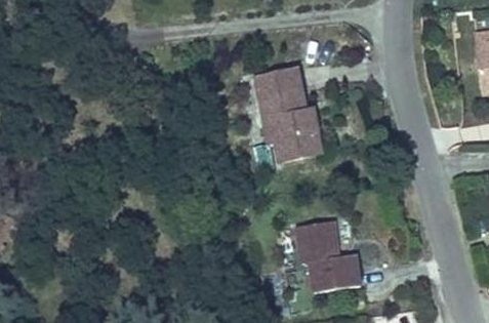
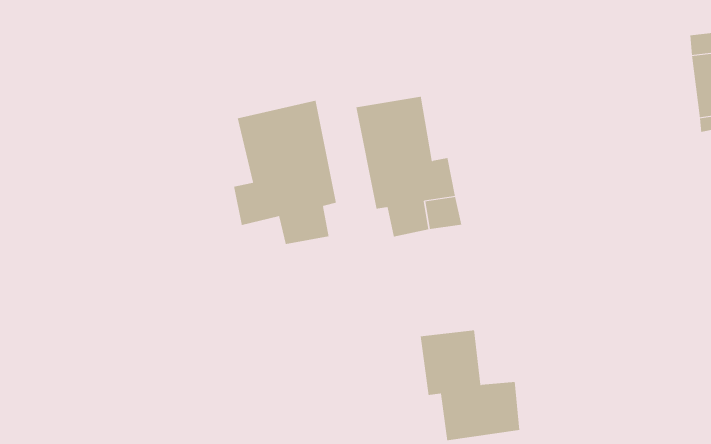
building: none -> [234,100,337,245]

